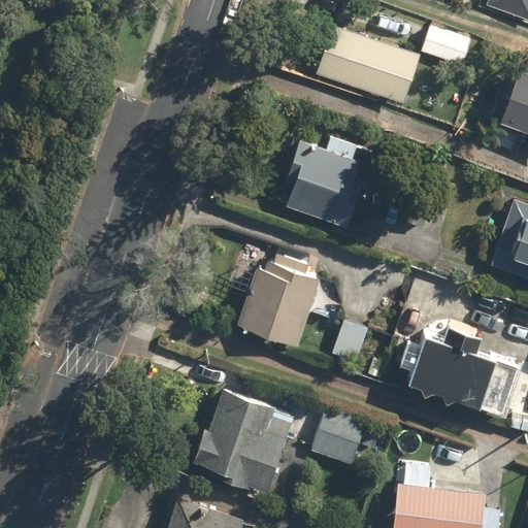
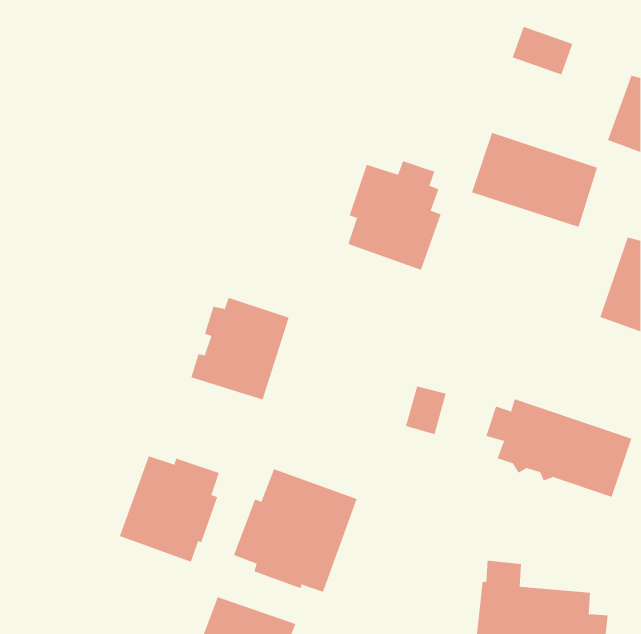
building: [316,27,420,105] -> [471,132,598,228]
building: [238,262,320,346] -> [190,297,289,400]
building: none -> [119,456,220,562]
building: [311,407,383,466] -> none

